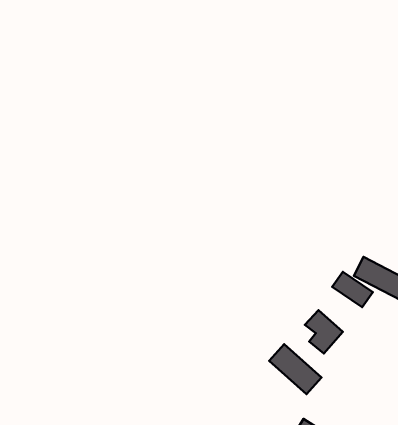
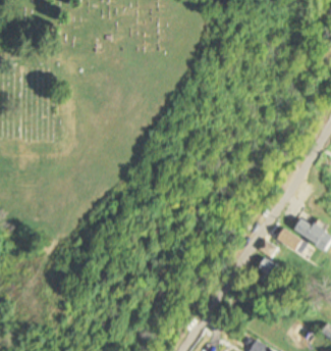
building: [269,344,322,394] -> none

